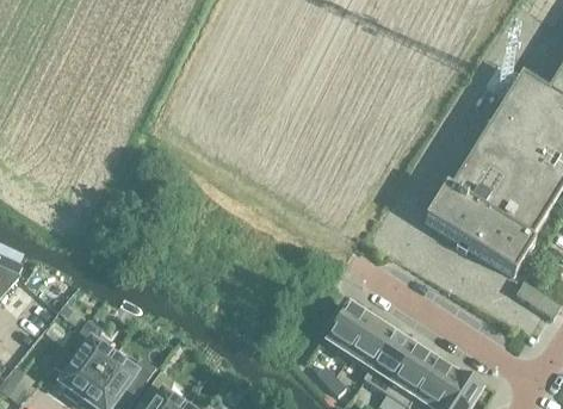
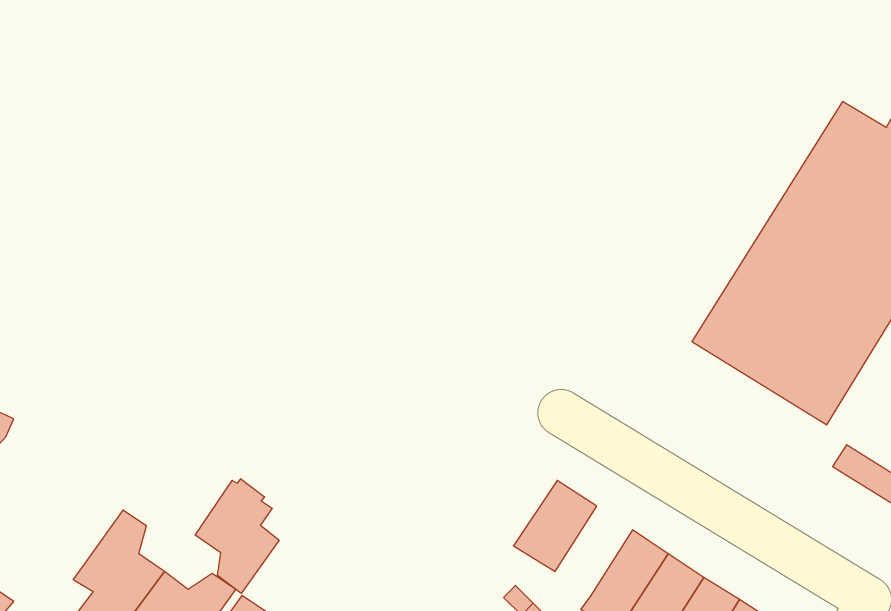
building: none -> [195,479,279,593]
building: [348,317,395,371] -> none

